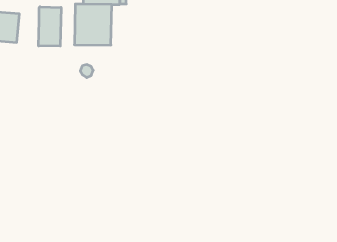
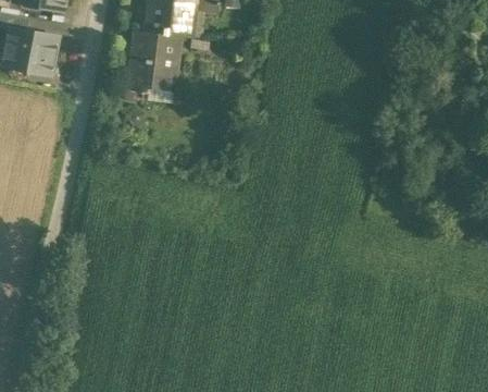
building: [39,7,61,46] -> none

